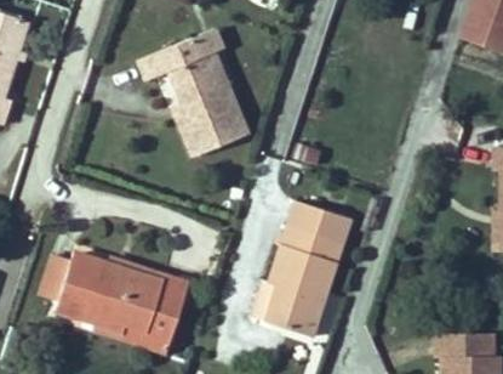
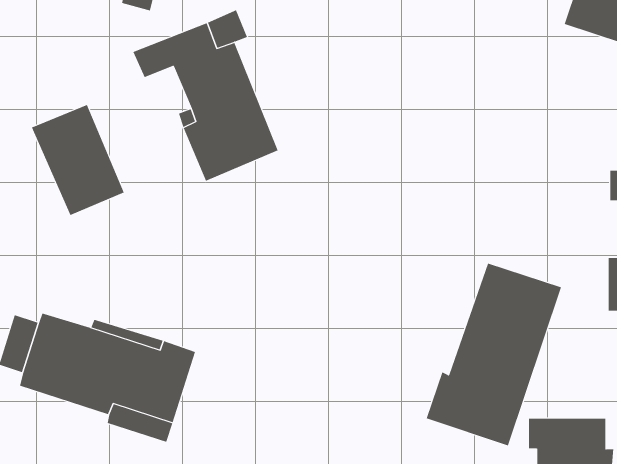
building: none -> [31,104,125,216]
building: [250,200,351,338] -> [426,263,562,446]

